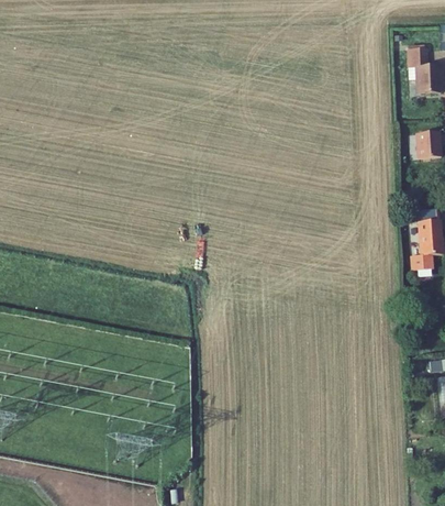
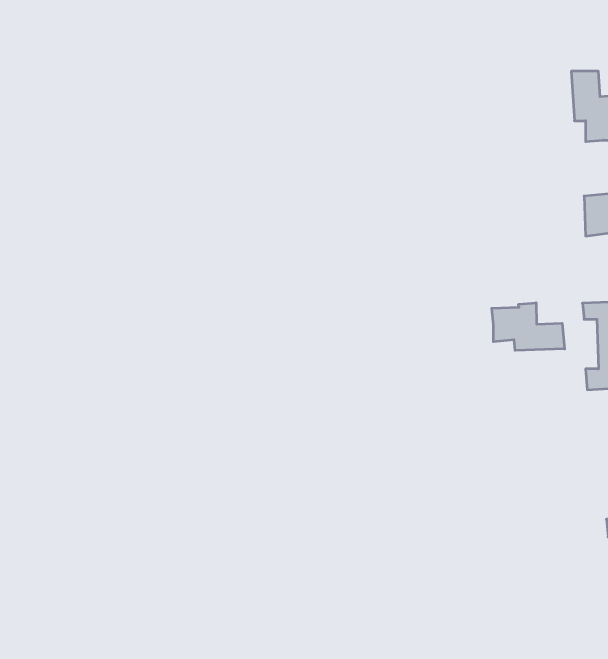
building: none -> [492,303,565,350]

